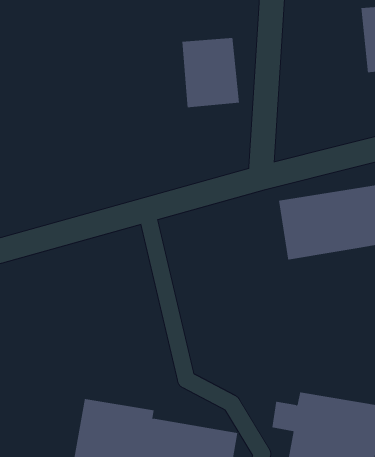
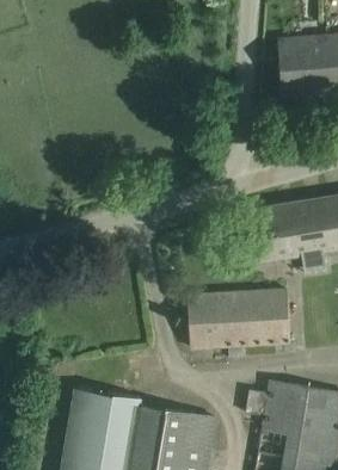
building: [181,38,240,108] -> [278,35,331,98]
building: none -> [186,289,290,347]

